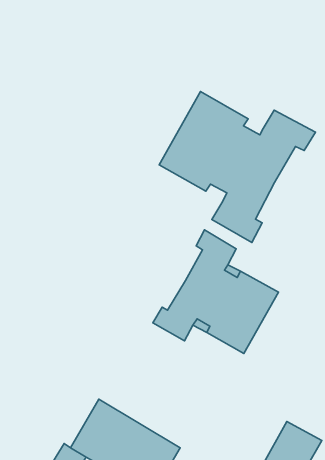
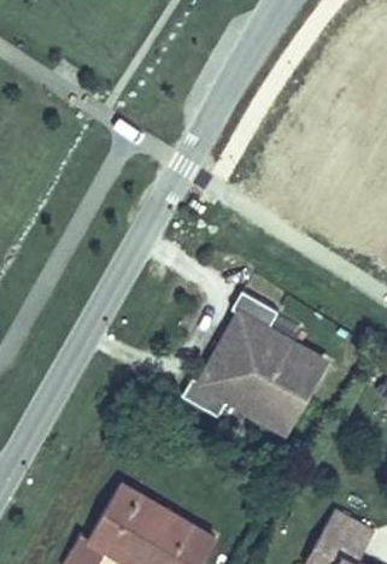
building: [159,91,315,242] -> none

